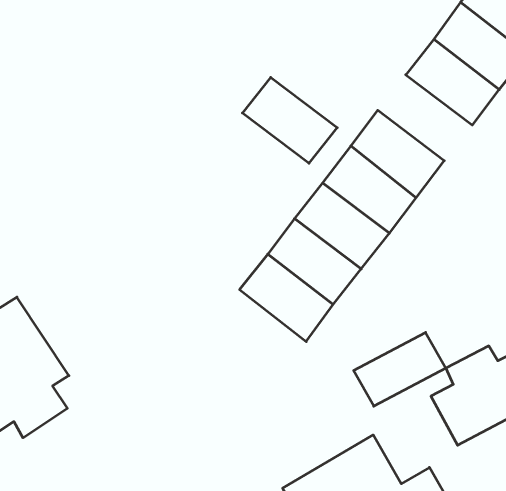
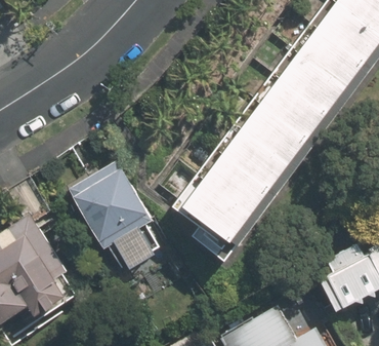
building: [242,77,337,163] -> [281,54,346,114]
building: none -> [68,160,160,268]
building: [354,332,446,406] -> none

